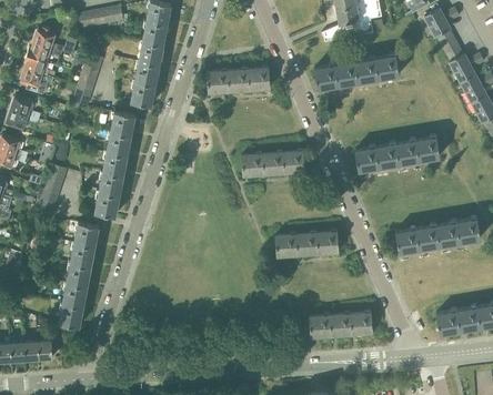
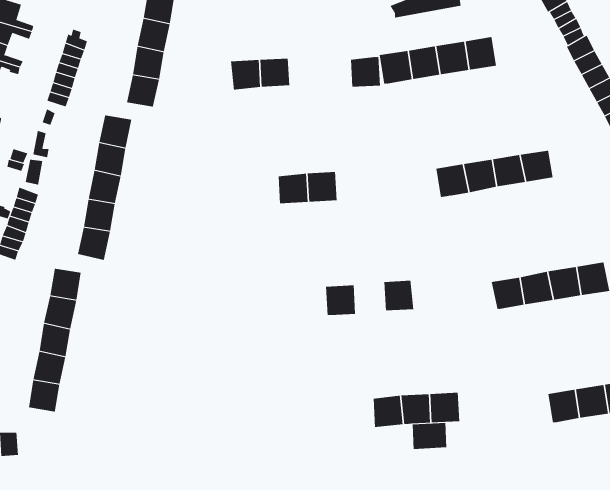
building: [249,69,271,91] -> [350,57,381,87]
building: [283,152,305,174] -> none
building: [296,233,319,256] -> none
building: none -> [412,422,447,450]

